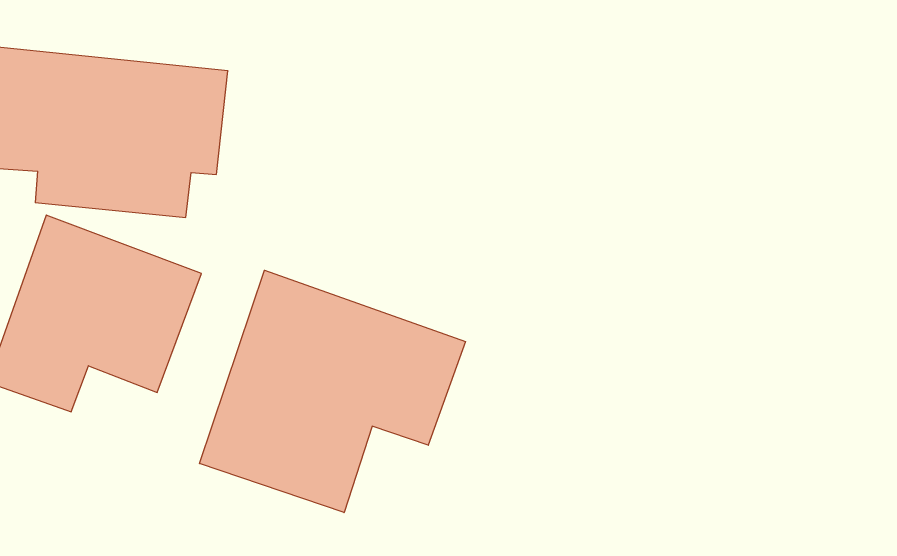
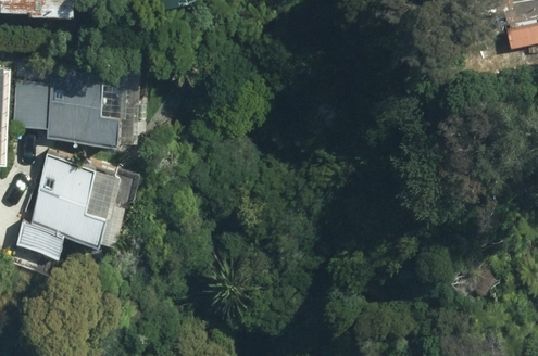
building: [200,270,465,513] -> none

